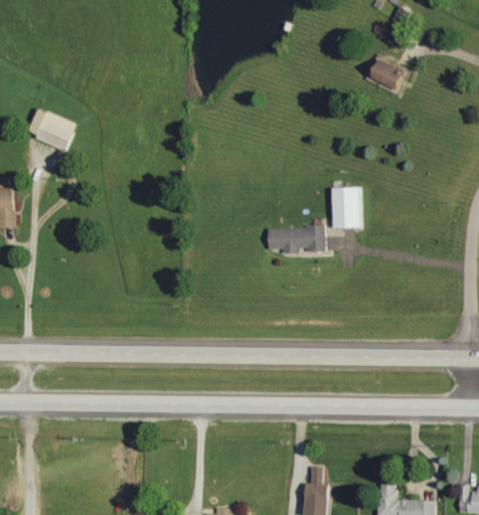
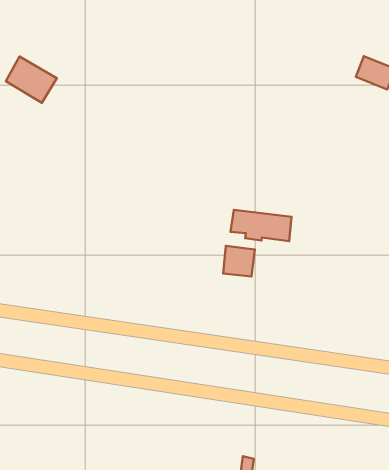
building: [331,187,360,228] -> none
building: none -> [223,246,255,277]

